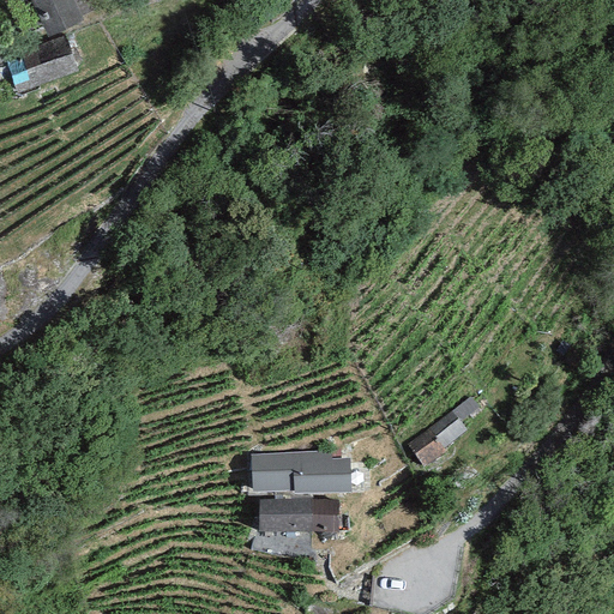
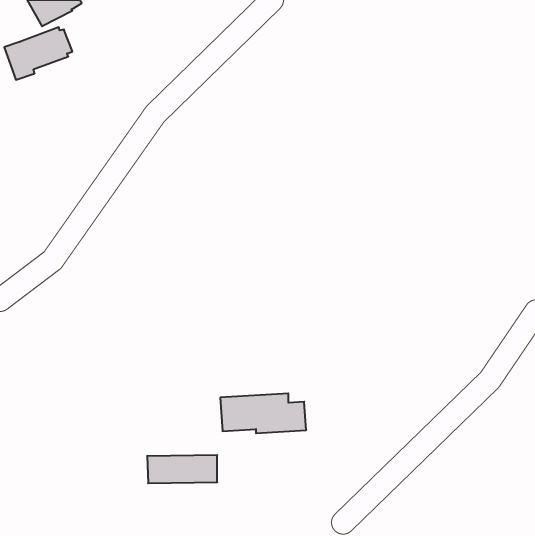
building: [408,396,480,468] -> none
building: [258,500,338,532] -> [147,455,217,483]

